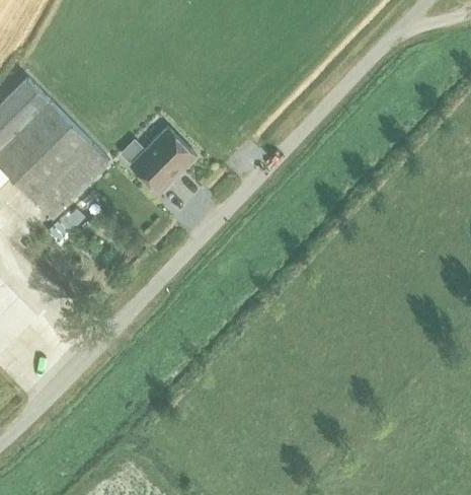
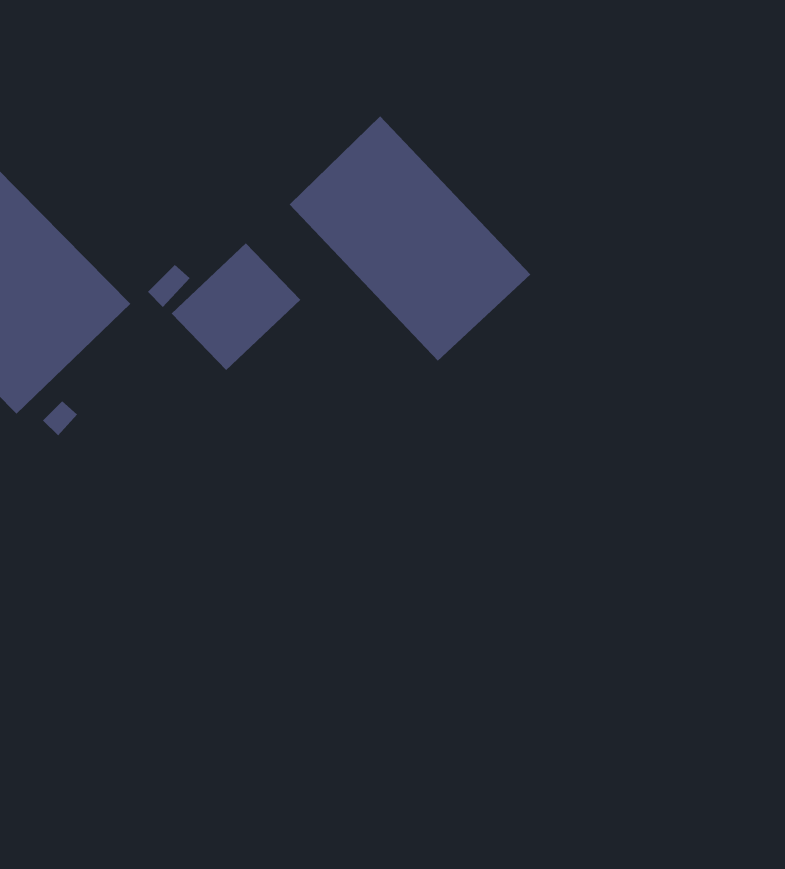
building: none -> [289,115,531,362]

